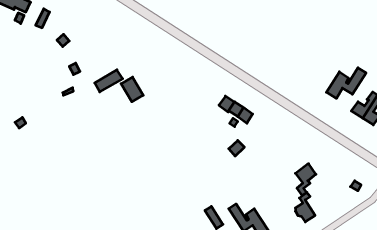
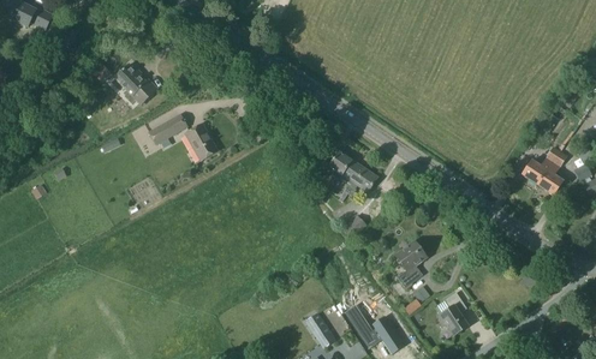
building: none -> [115,64,157,104]
building: [326,68,366,98] -> none
building: [295,164,316,196] -> [395,240,425,287]

